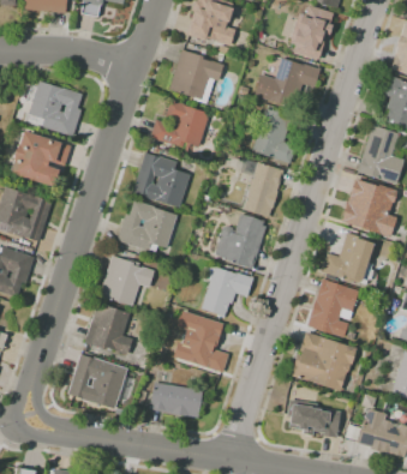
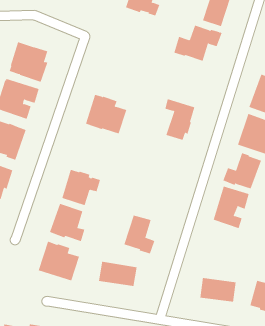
building: [168,50,223,100] -> none
building: [149,101,213,154] -> none
building: [252,108,295,163] -> none
building: [116,199,176,252] -> none
building: [215,214,268,269] -> none
building: [200,266,253,316] -> none
building: [292,332,357,391] -> none

